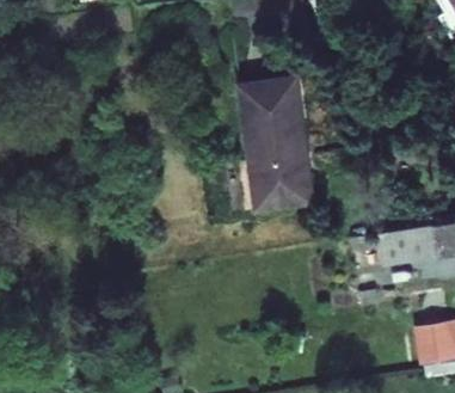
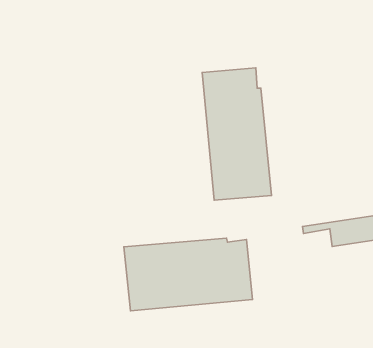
building: none -> [124,238,252,311]

